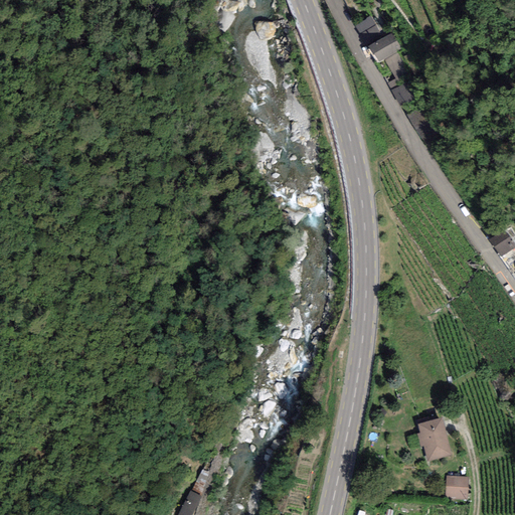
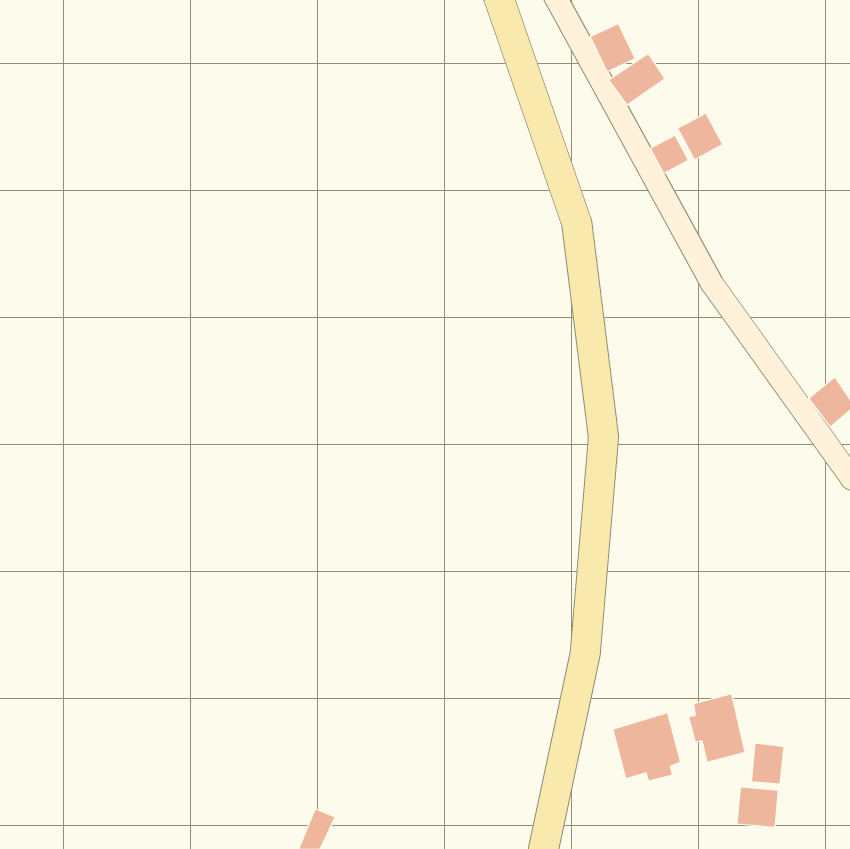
building: none -> [678,113,723,160]
building: none -> [613,713,680,781]
building: none -> [752,743,784,784]

